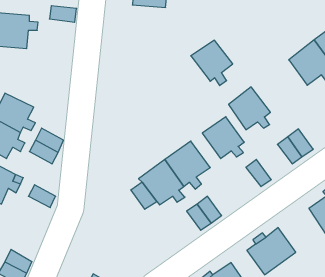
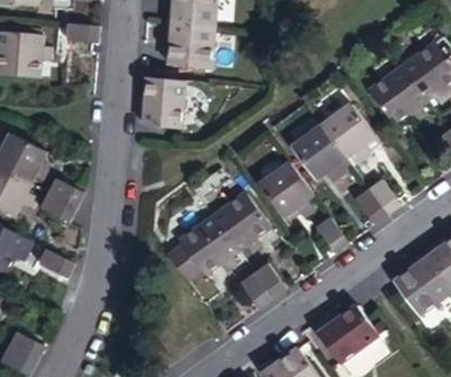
building: none -> [168,22,213,68]
building: [191,40,233,86] -> [321,106,374,163]
building: none -> [143,77,184,129]

